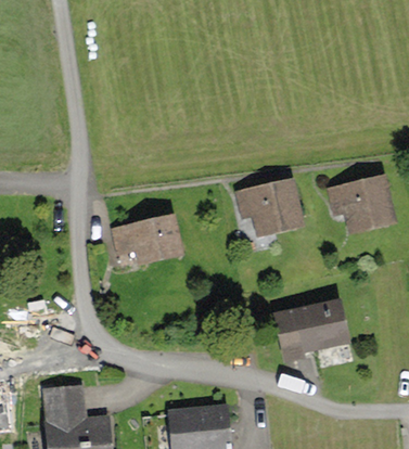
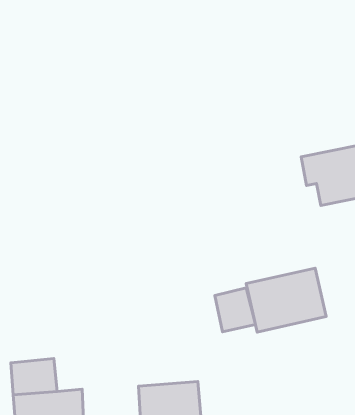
building: [234,178,304,235] -> none
building: [111,214,186,266] -> none
building: none -> [215,288,255,332]

